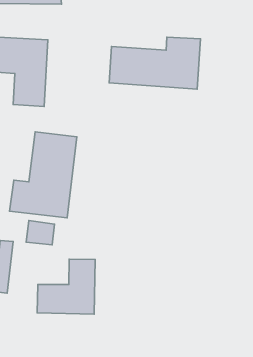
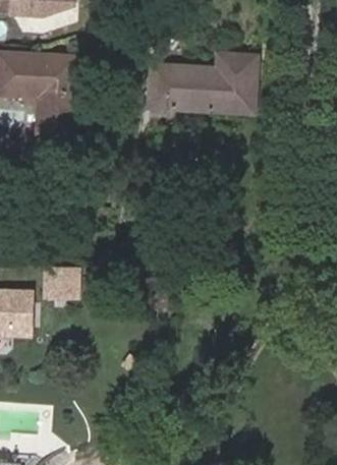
building: [9,132,77,218] -> none
building: [37,259,95,314] -> none

